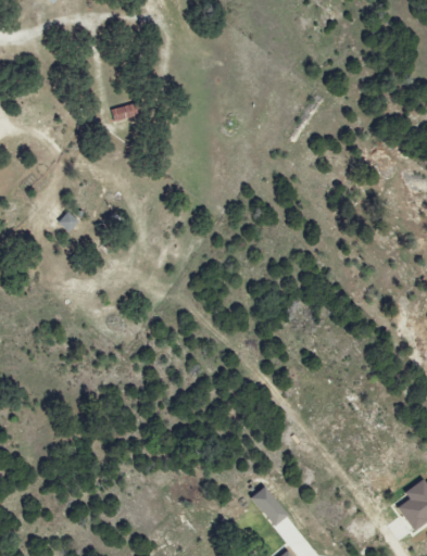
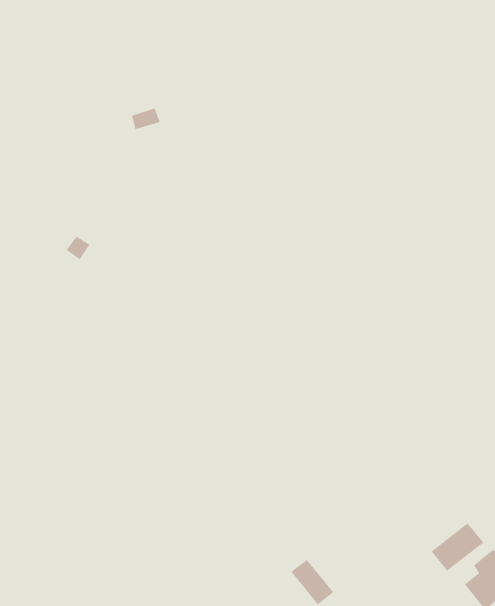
building: none -> [431,523,484,572]

